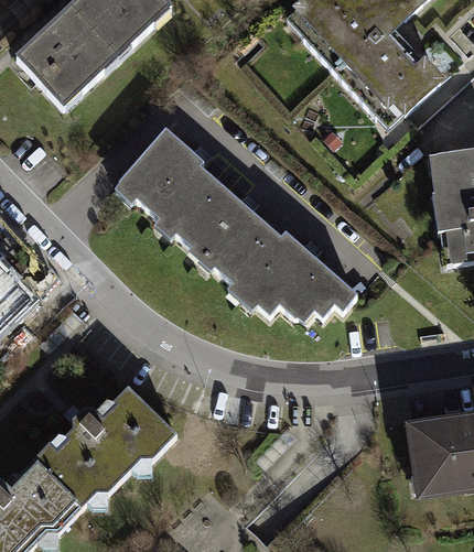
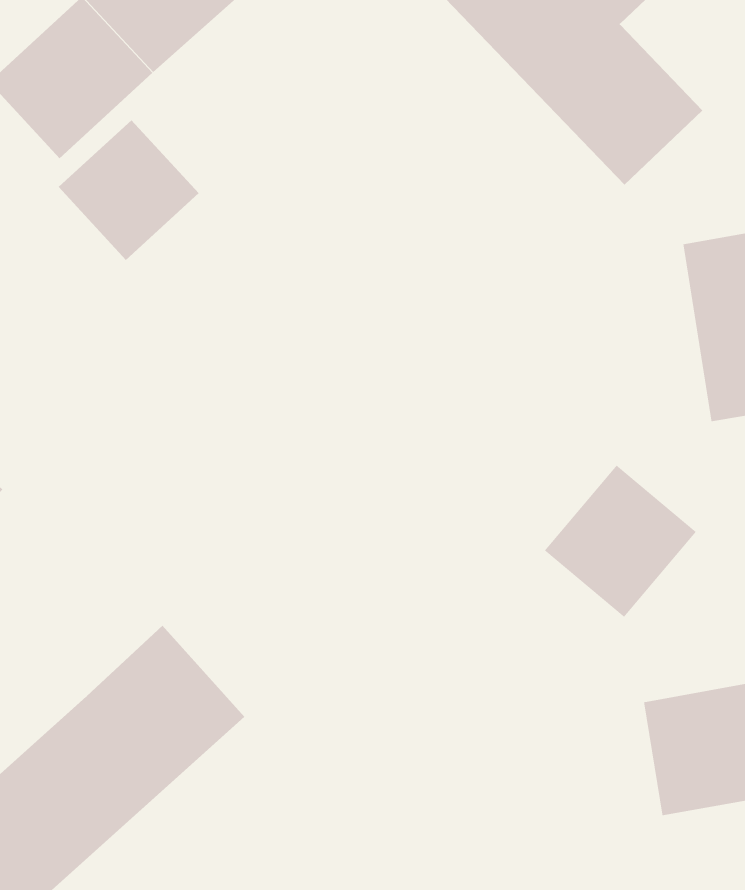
building: none -> [58,120,199,261]
building: [115,131,360,322] -> none
building: none -> [544,464,697,618]

